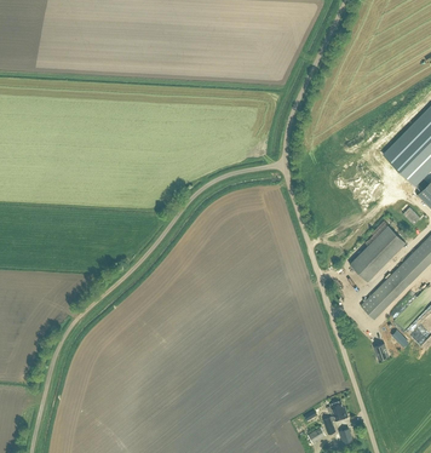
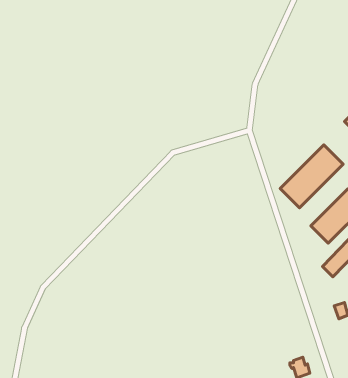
building: none -> [280,145,343,208]

